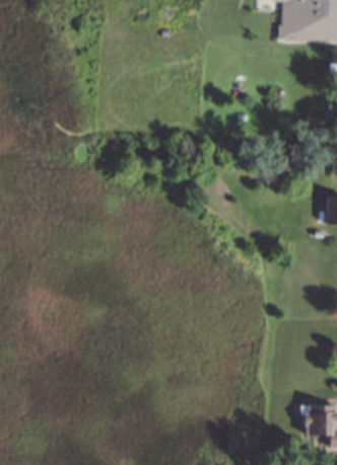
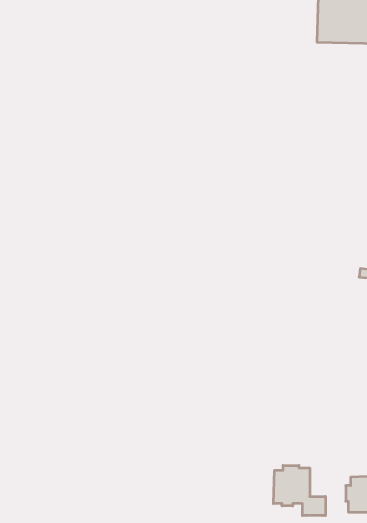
building: none -> [273,465,325,516]

